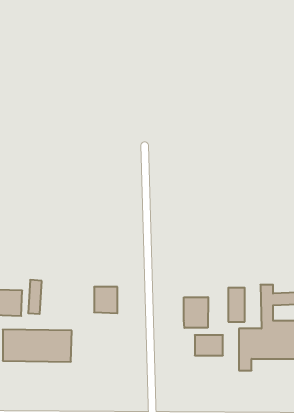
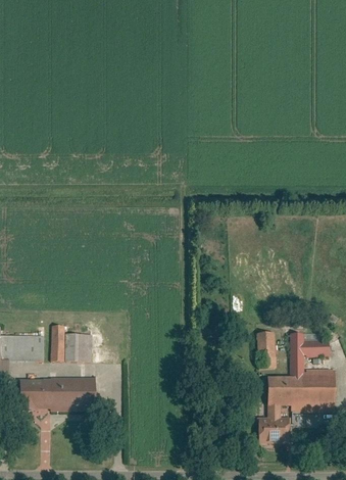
building: [94,287,117,313] -> [65,334,90,362]
building: [184,297,208,328] -> none
building: [195,335,223,355] -> [261,422,291,443]

